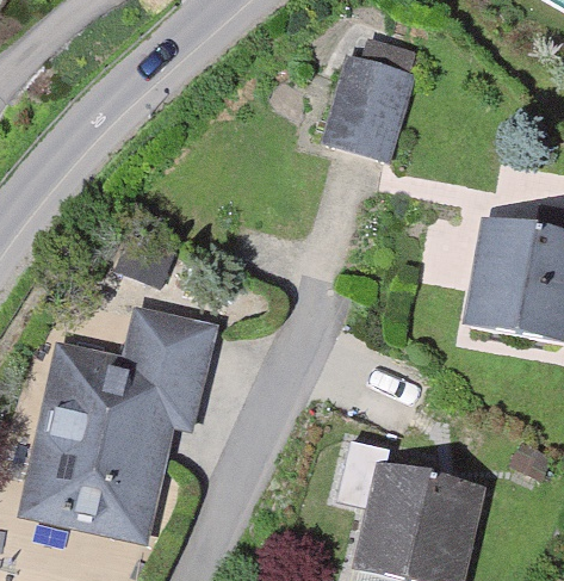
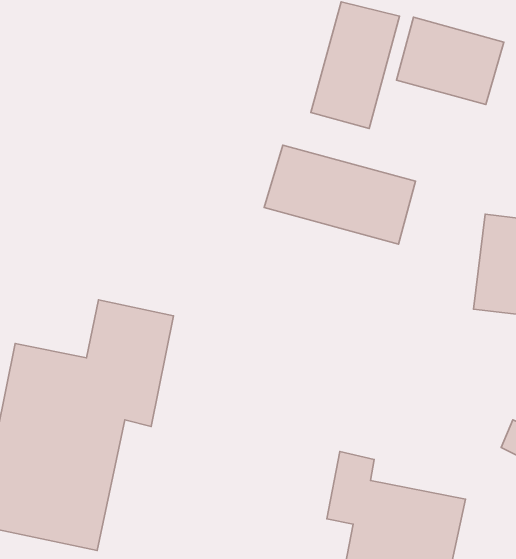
building: none -> [396,17,504,104]
building: none -> [264,145,416,244]

